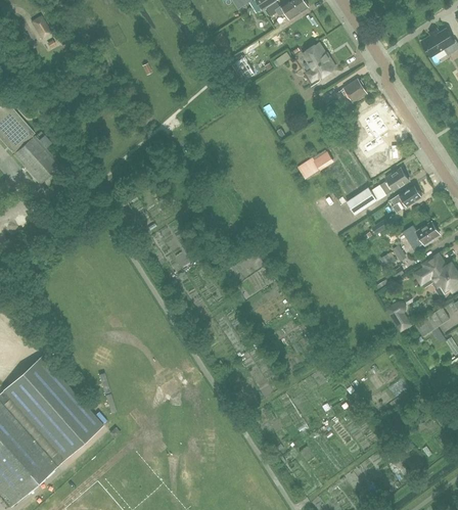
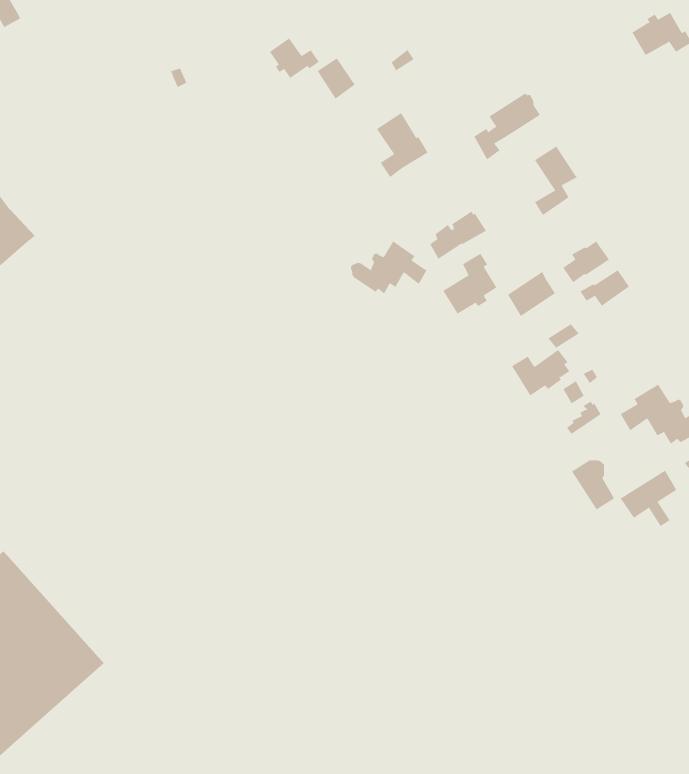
building: [304,43,335,83] -> [376,112,429,178]
building: none -> [269,38,320,79]
building: none -> [350,240,427,295]
building: none -> [443,253,497,314]
building: [403,222,439,250] -> [511,349,570,396]

